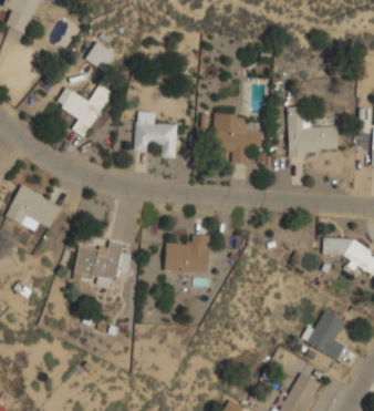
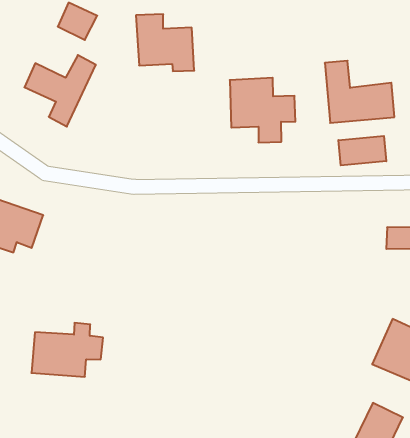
building: [134,111,177,157] -> [136,14,194,71]
building: none -> [338,136,386,165]
building: [164,234,210,273] -> none
building: [73,242,131,284] -> [31,323,103,377]

